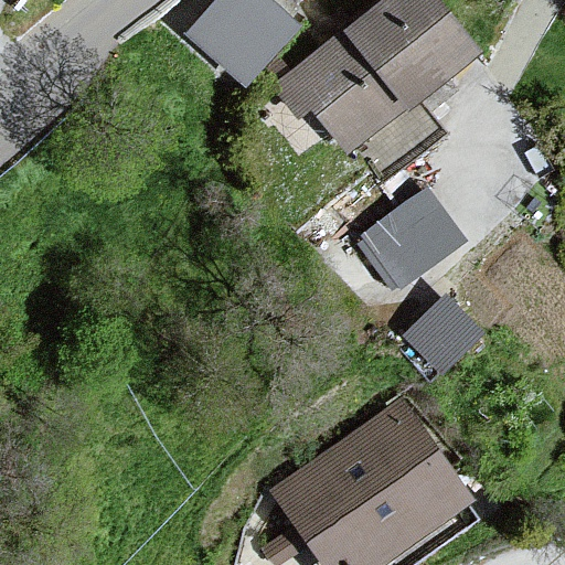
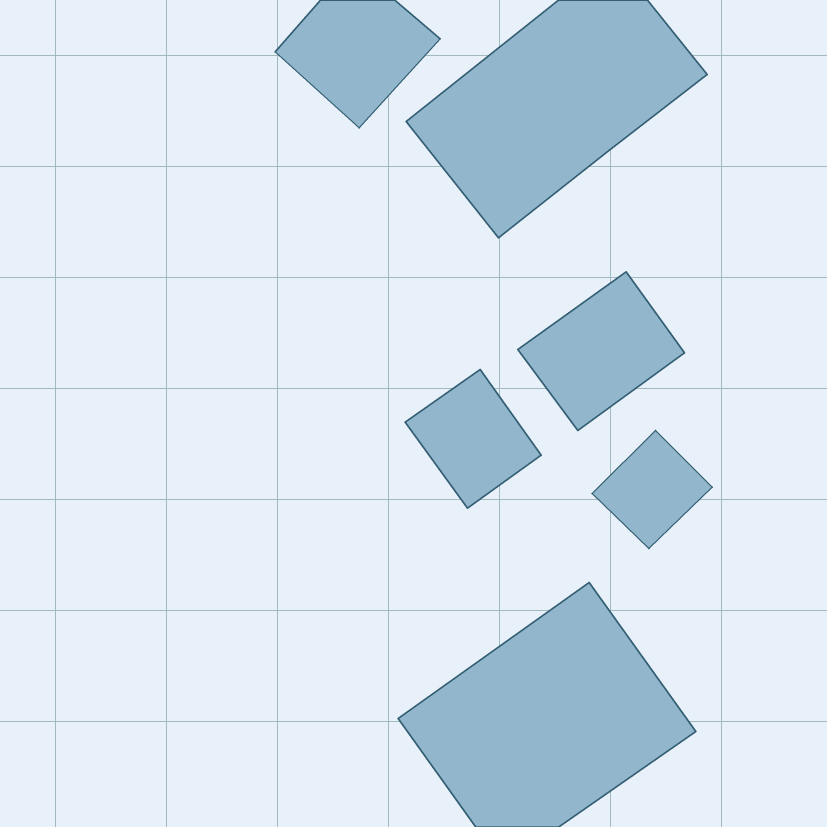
building: none -> [405,369,541,508]

